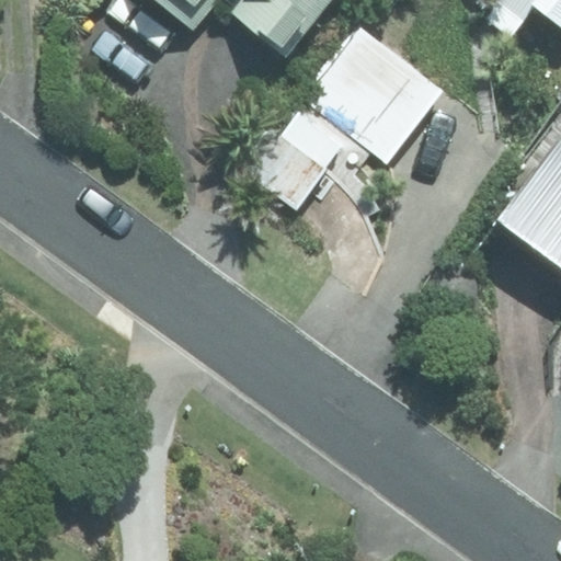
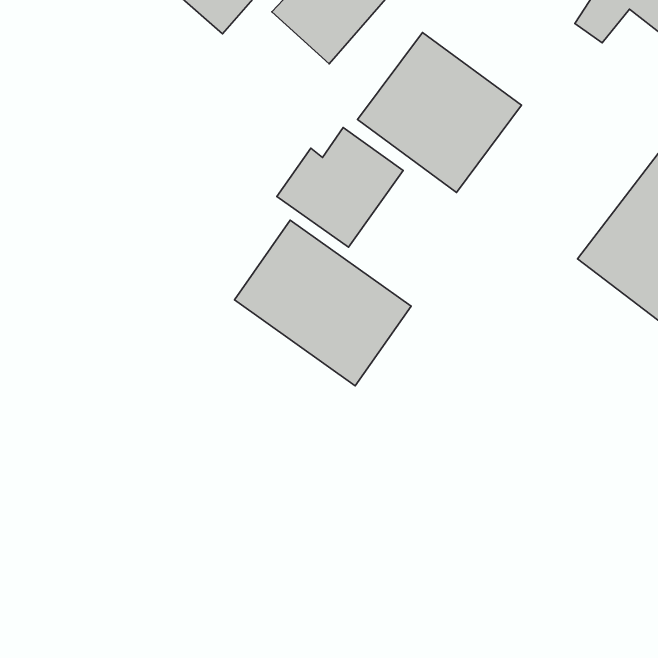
building: none -> [234,220,411,386]

